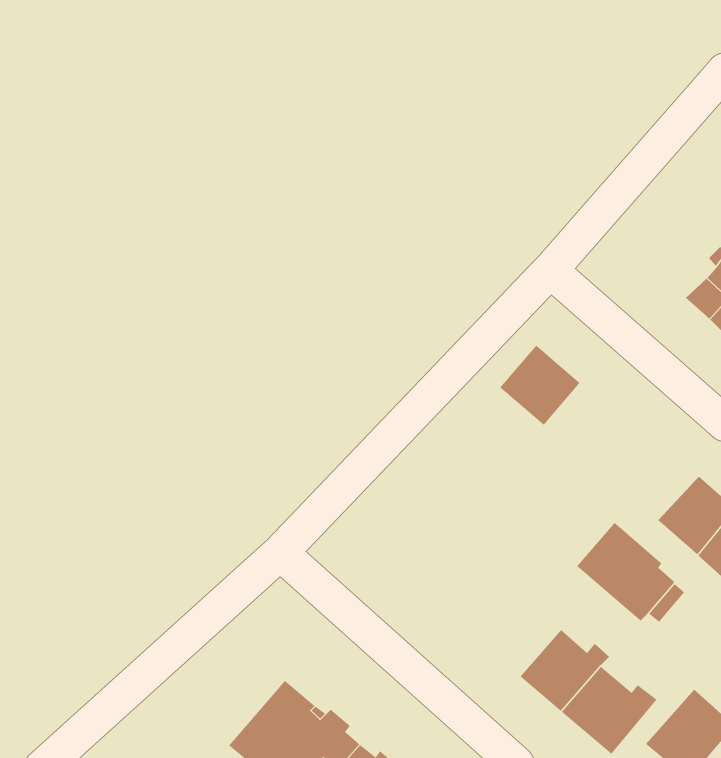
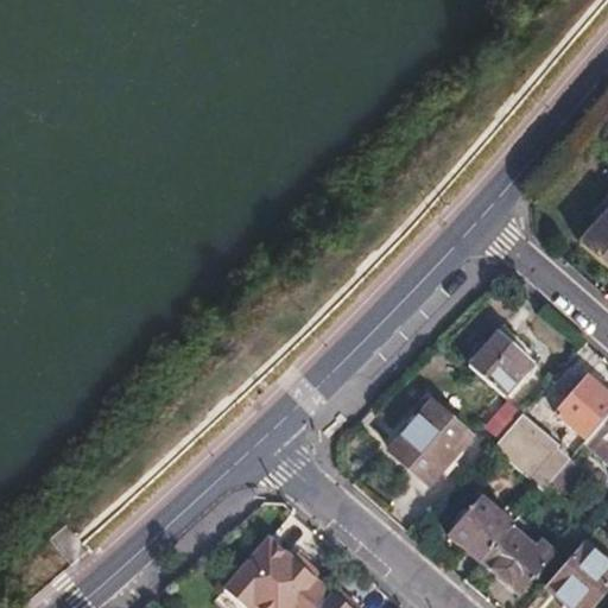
building: [499,345,581,426] -> [468,331,531,394]
building: none -> [392,404,468,482]

